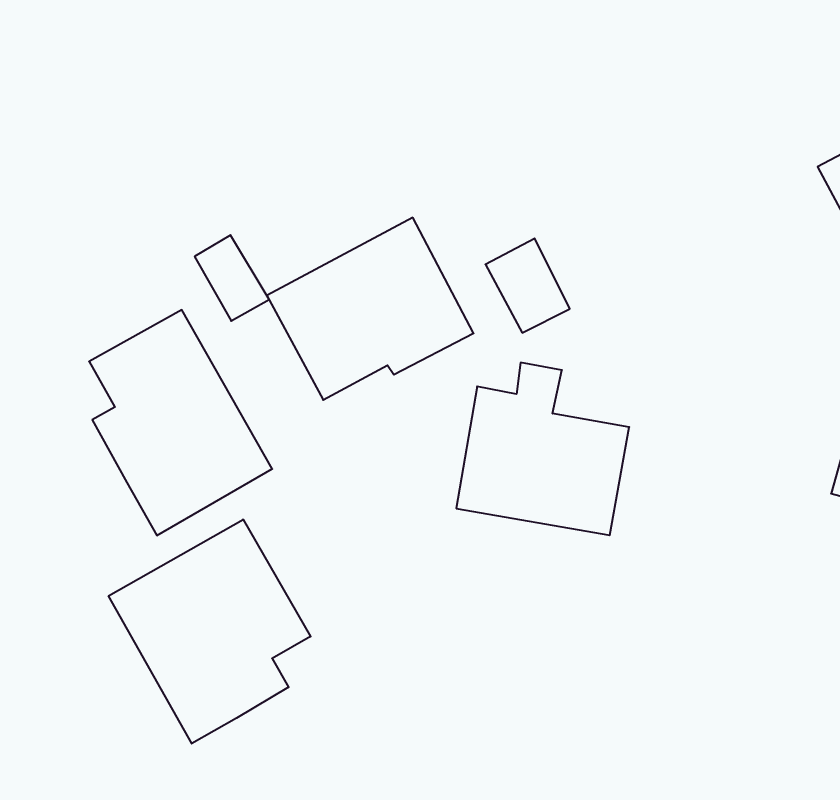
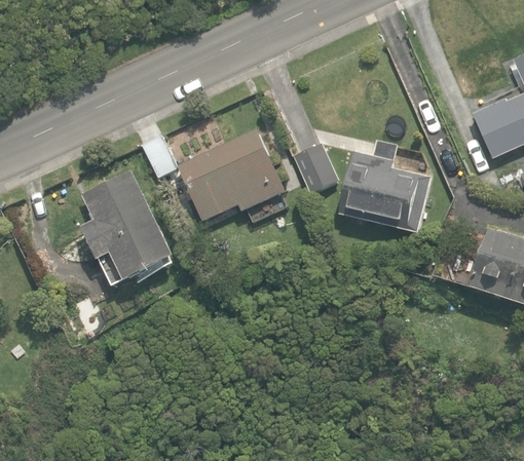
building: [456,363,629,535] -> [338,140,432,233]
building: [109,519,311,744] -> none

